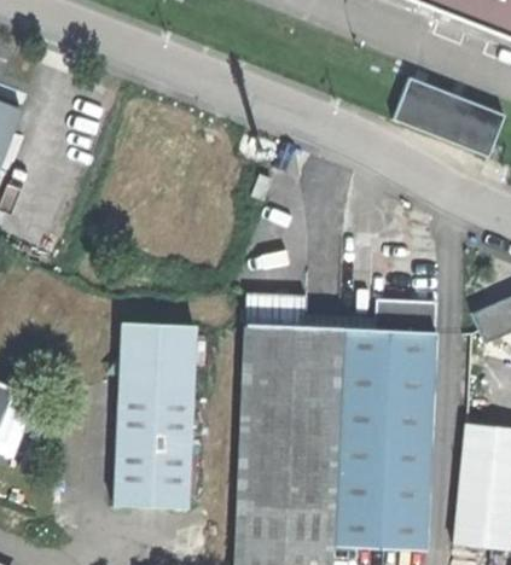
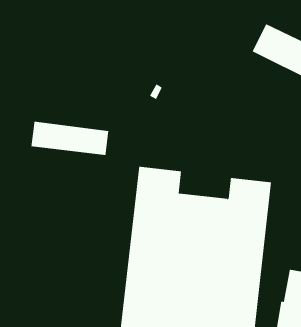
building: none -> [31,121,109,156]
building: [114,321,194,508] -> none

